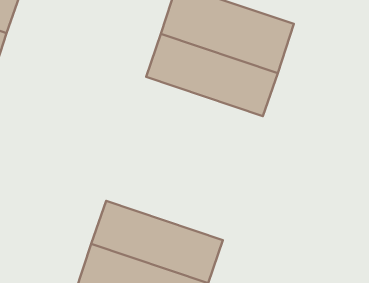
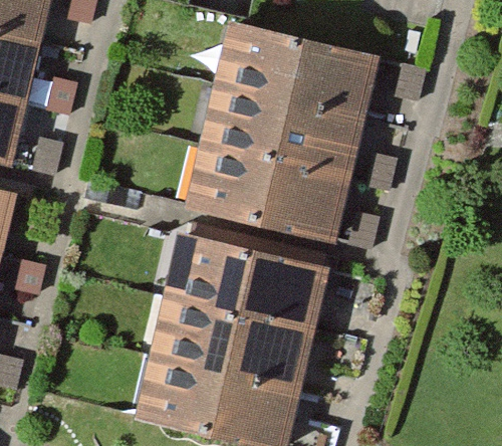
building: none -> [186,139,348,237]
building: none -> [164,234,326,332]

